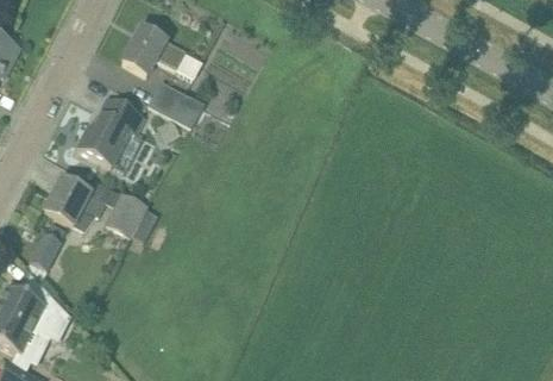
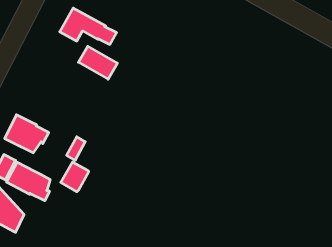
building: [76,96,143,171] -> none
building: [106,195,145,237] -> [61,162,89,192]
building: none -> [7,162,50,201]

